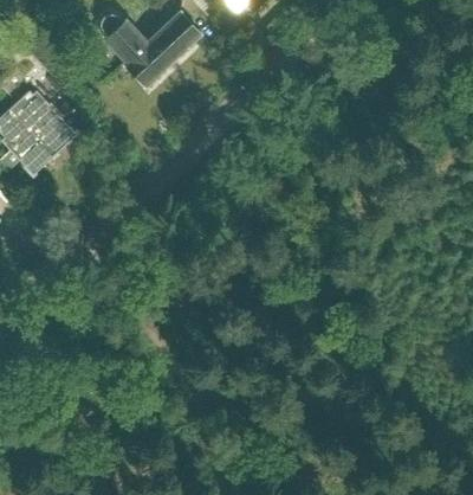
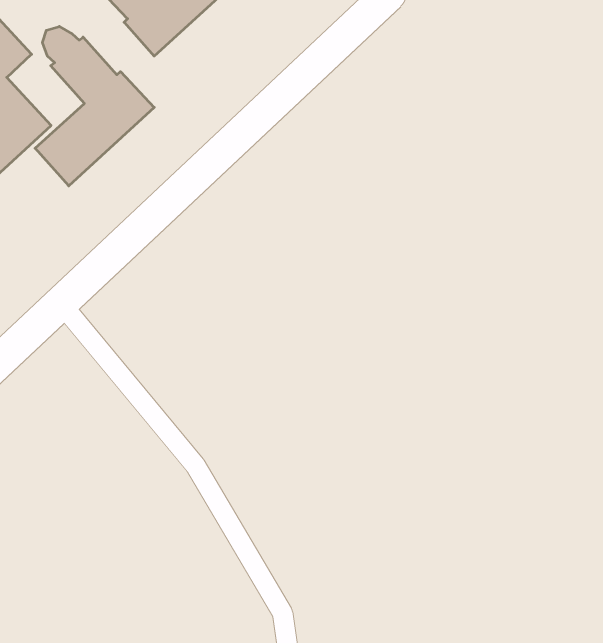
building: none -> [35,26,154,186]

